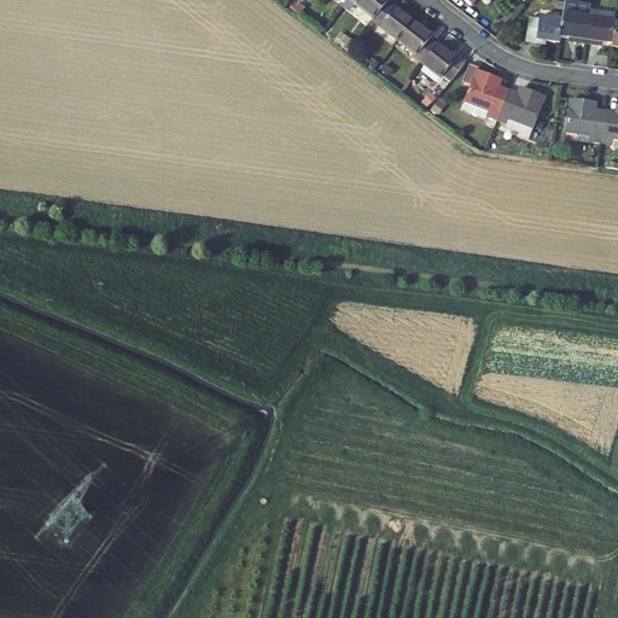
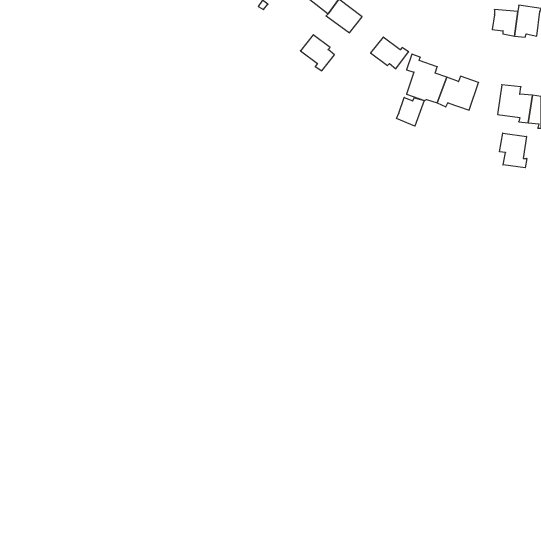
building: [526,13,564,41] -> none
building: [398,19,437,60] -> [300,35,334,71]
building: none -> [396,97,424,126]
building: none -> [500,133,527,168]

